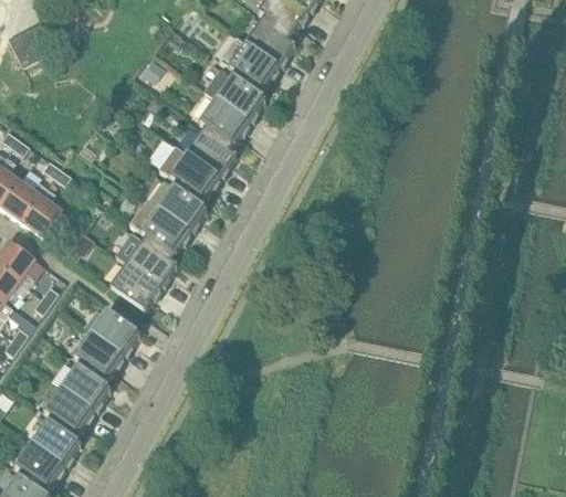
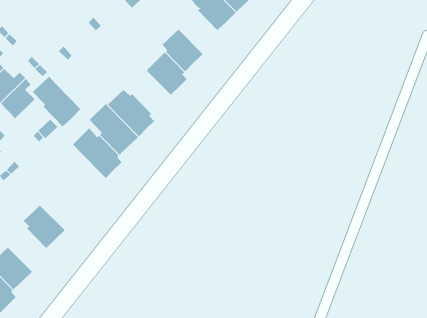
building: [203,68,265,124] -> none
building: [158,147,219,204] -> [32,76,81,128]
building: [109,265,160,311] -> none
building: [88,310,139,358] -> none
building: [60,363,111,413] -> none

